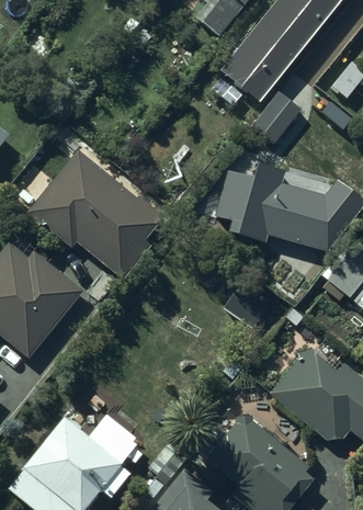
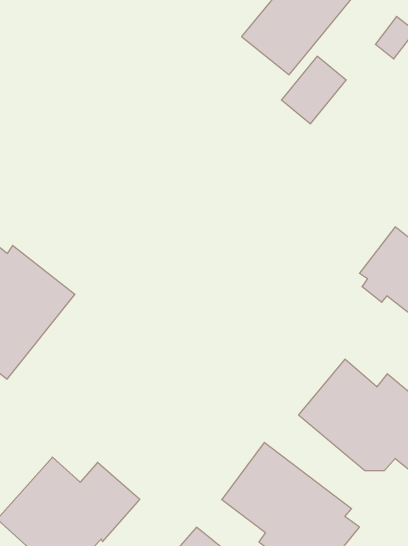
building: [25,151,167,279] -> none
building: [237,180,336,257] -> none

